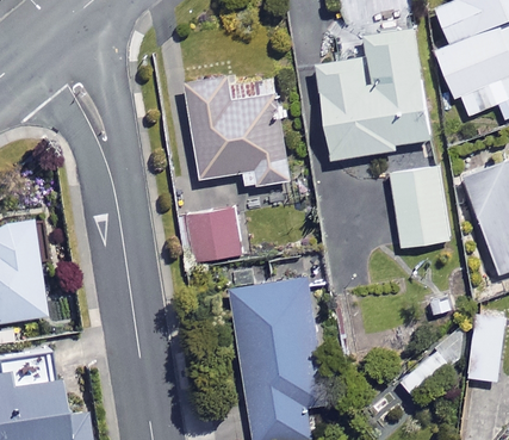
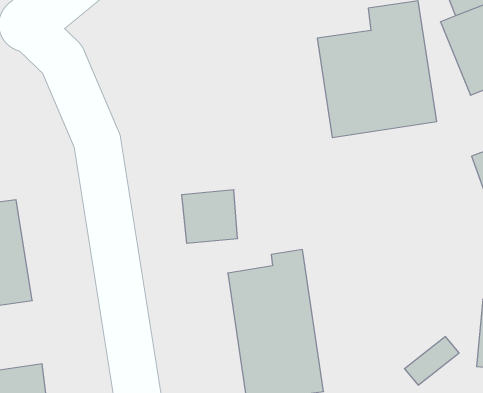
building: [185,73,290,187] -> none
building: [391,166,449,247] -> none

